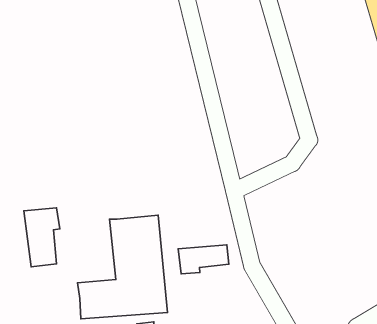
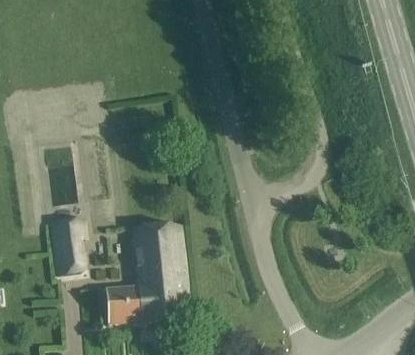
building: [178,245,229,274] -> none

